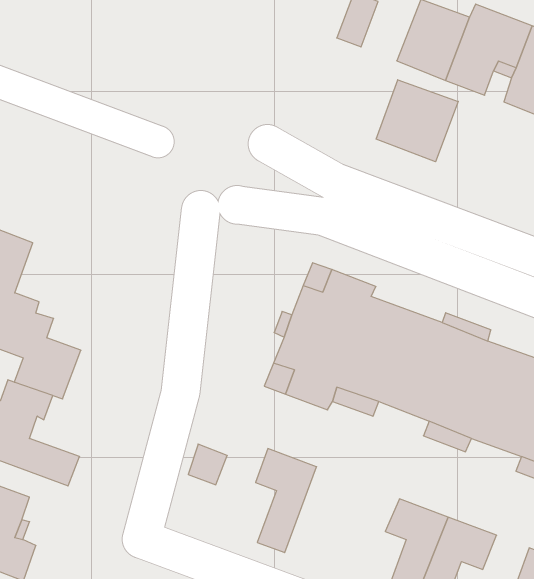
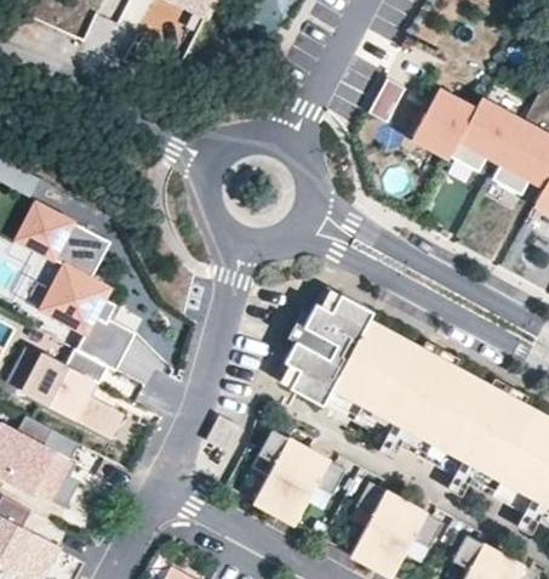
building: [376,80,458,162] -> none
building: none -> [273,448,343,523]

